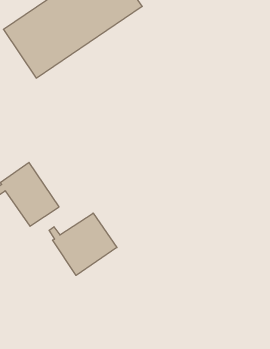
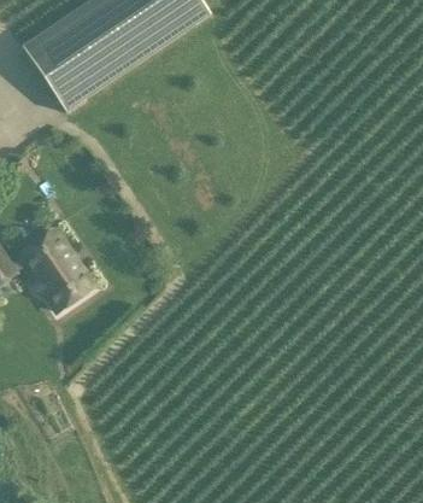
building: [49,213,117,275] -> none

